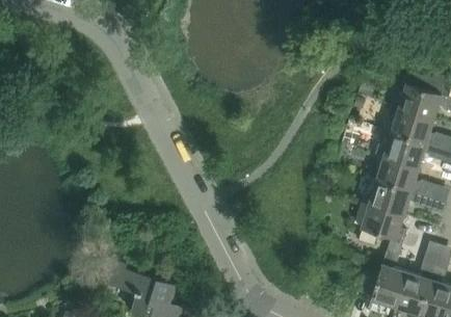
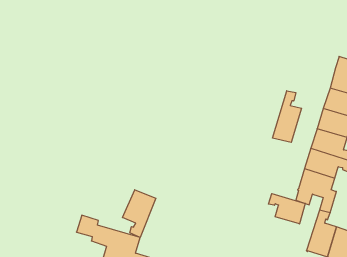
building: none -> [273,91,302,142]
building: none -> [123,190,156,237]
building: none -> [268,194,305,224]

